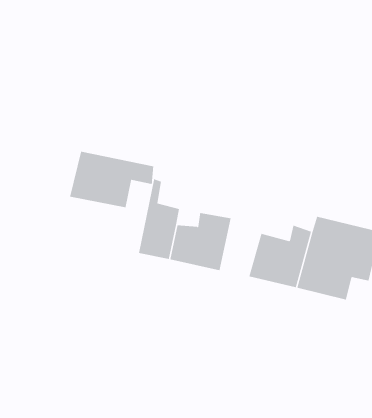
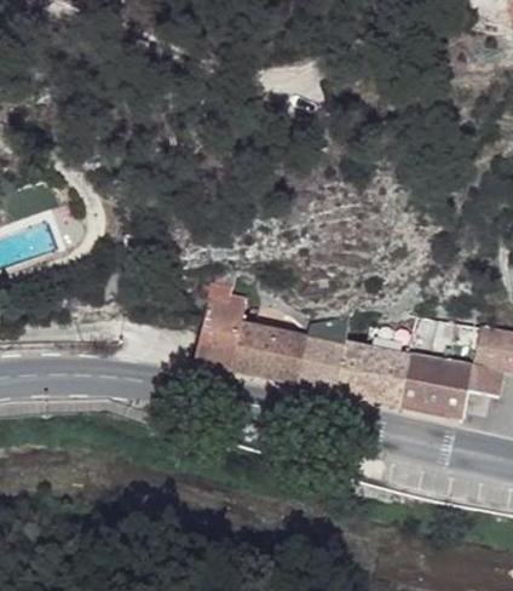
building: [69,151,154,208] -> none
building: none -> [302,317,356,392]

